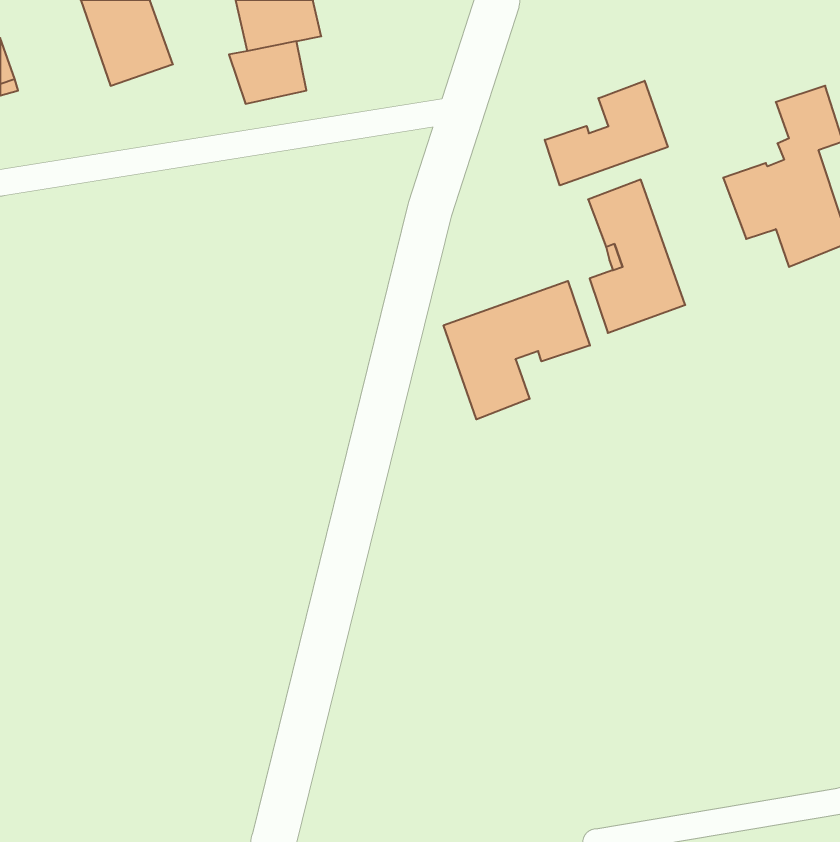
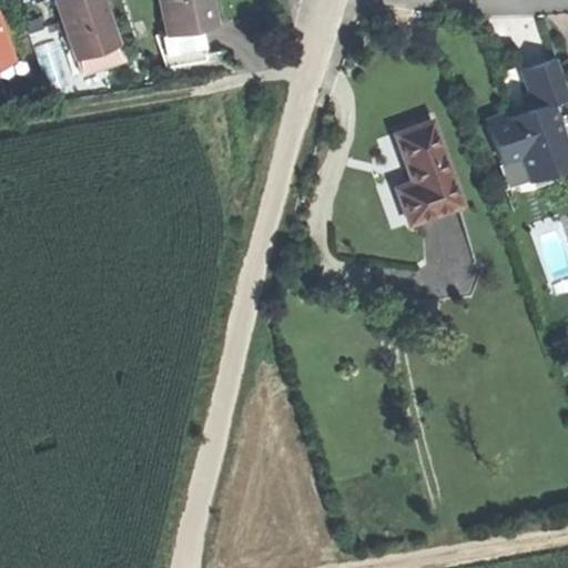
building: [545,81,668,185] -> none
building: [444,281,590,419] -> none

